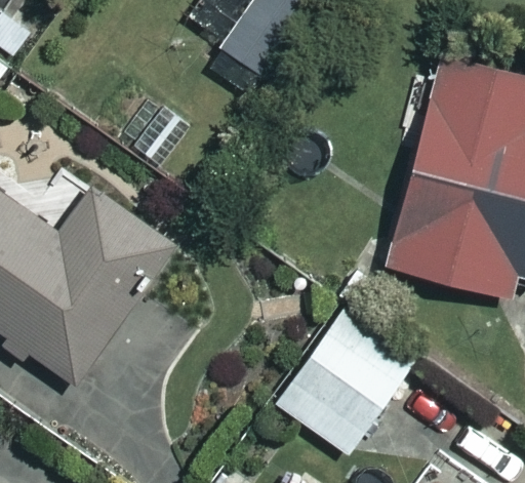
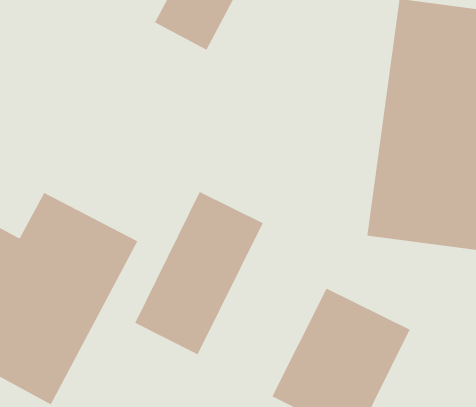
building: none -> [134,191,264,355]

